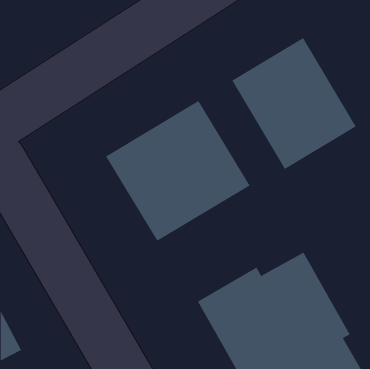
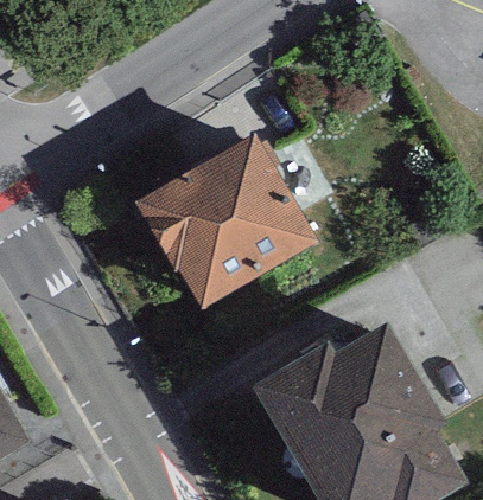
building: [231,37,357,170] -> none

